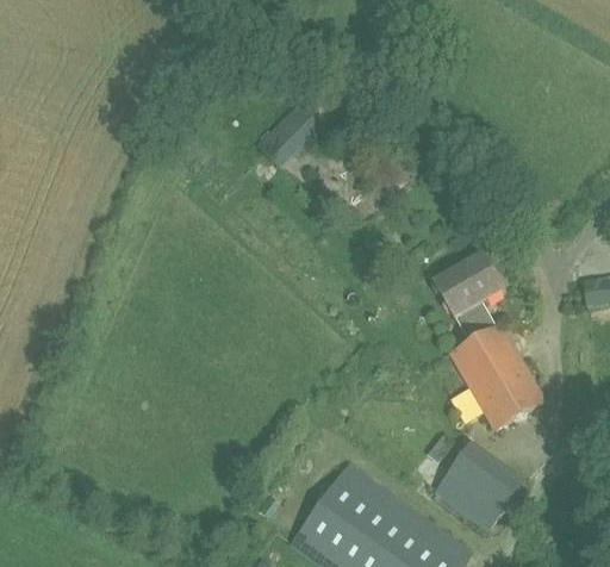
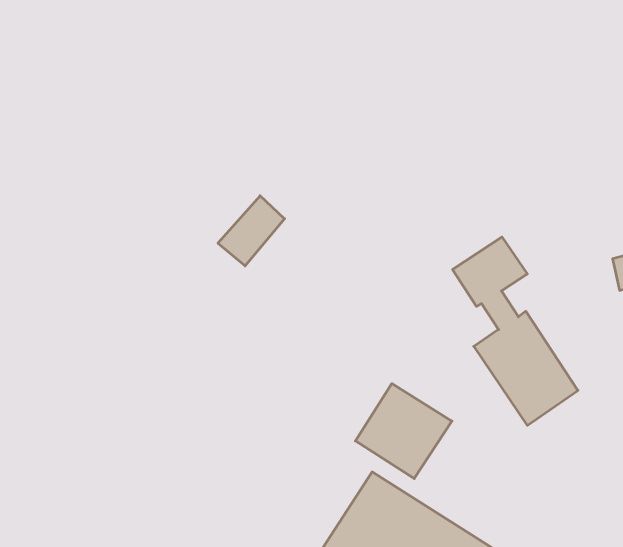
building: [256,104,319,168] -> [218,196,285,266]
building: [435,441,525,530] -> [355,384,452,479]

